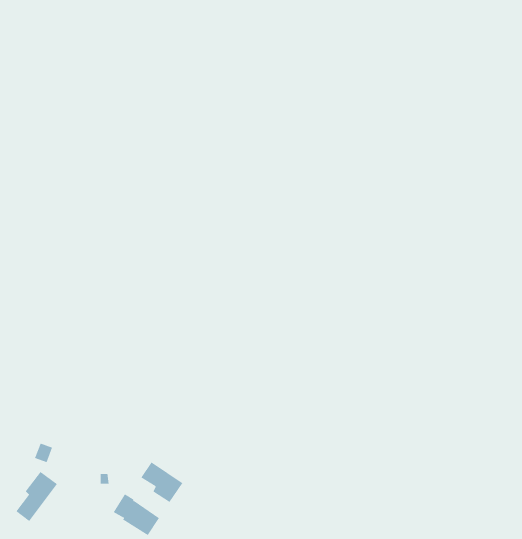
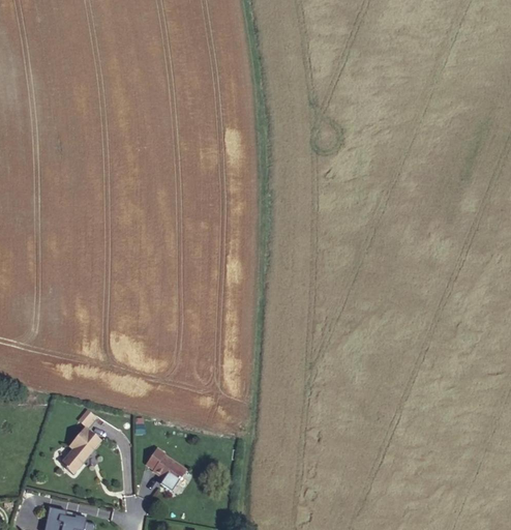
building: [141,462,183,503] -> none

